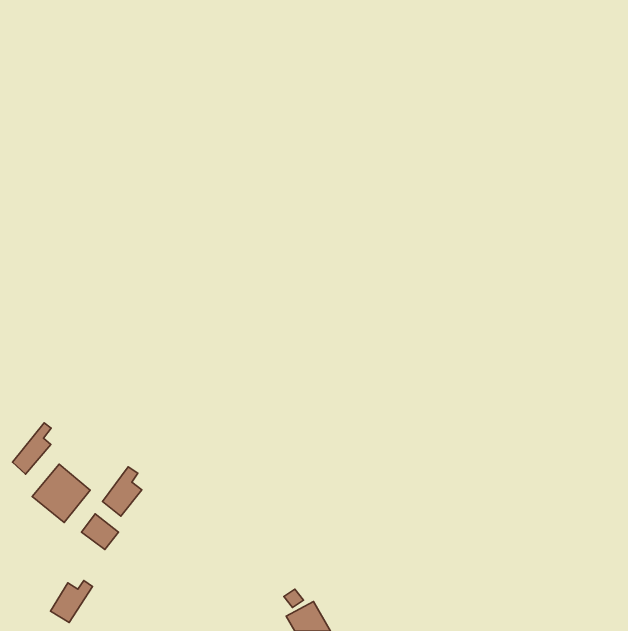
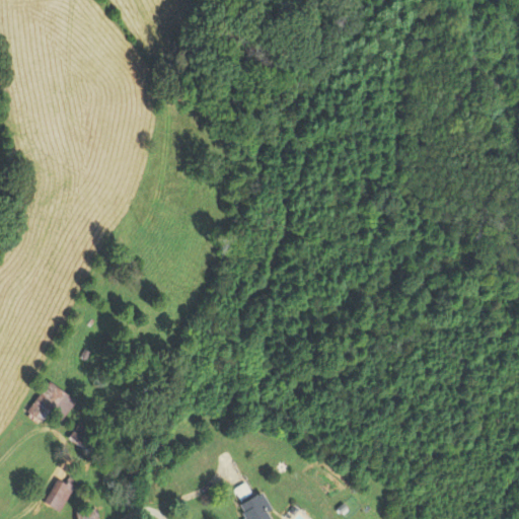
building: [12,423,51,474] -> none
building: [103,467,142,516] -> none

